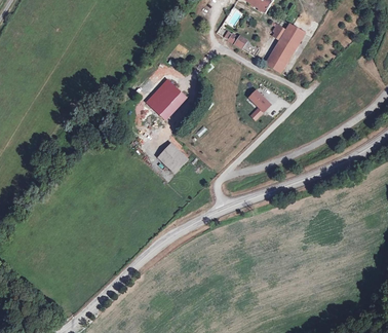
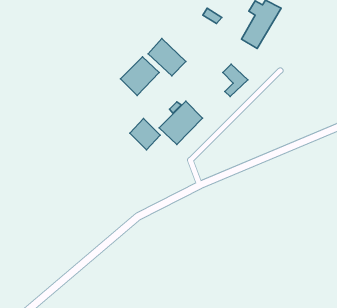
building: none -> [148,39,186,76]
building: none -> [159,101,202,145]

